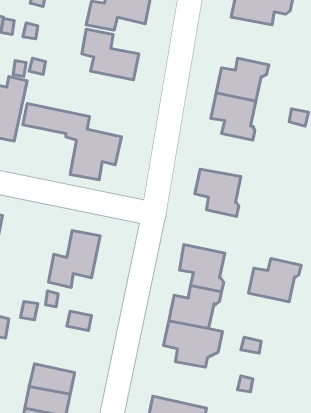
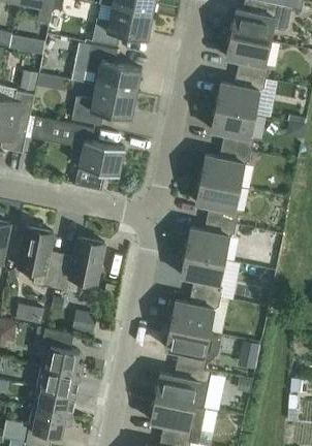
building: none -> [226,33,270,78]
building: none -> [71,85,136,125]
building: none -> [200,145,251,186]
building: none -> [19,226,60,287]
building: [248,259,301,302] -> [185,218,236,259]
building: none -> [41,327,84,375]
building: none -> [155,363,212,408]

